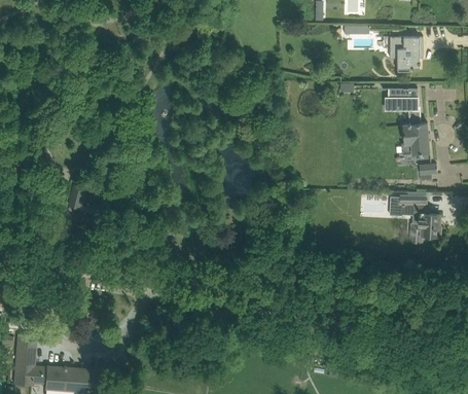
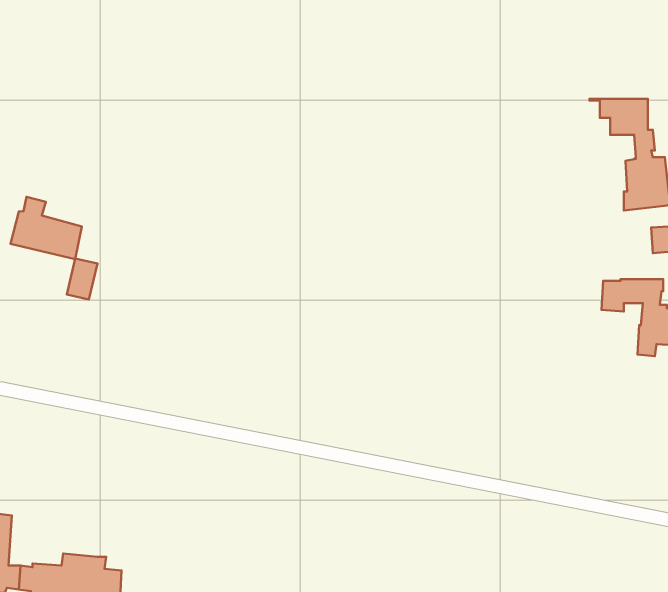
building: [394,36,423,71] -> none
building: none -> [11,197,82,259]

